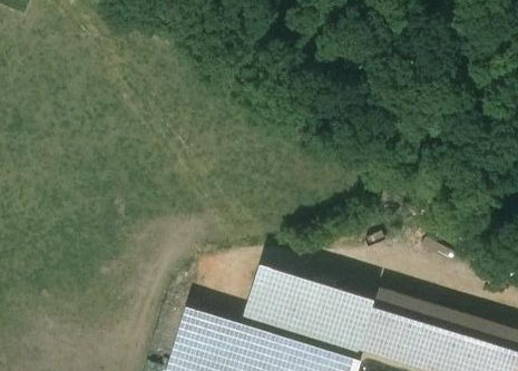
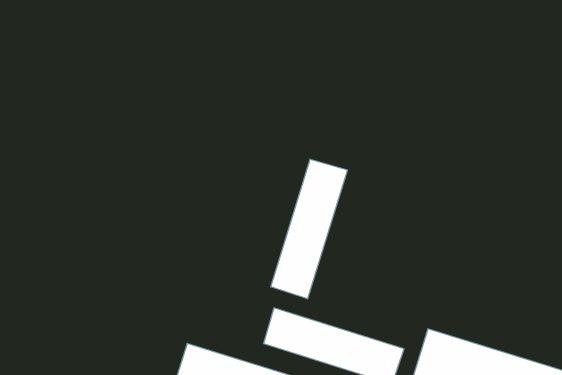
building: none -> [271,159,347,299]

